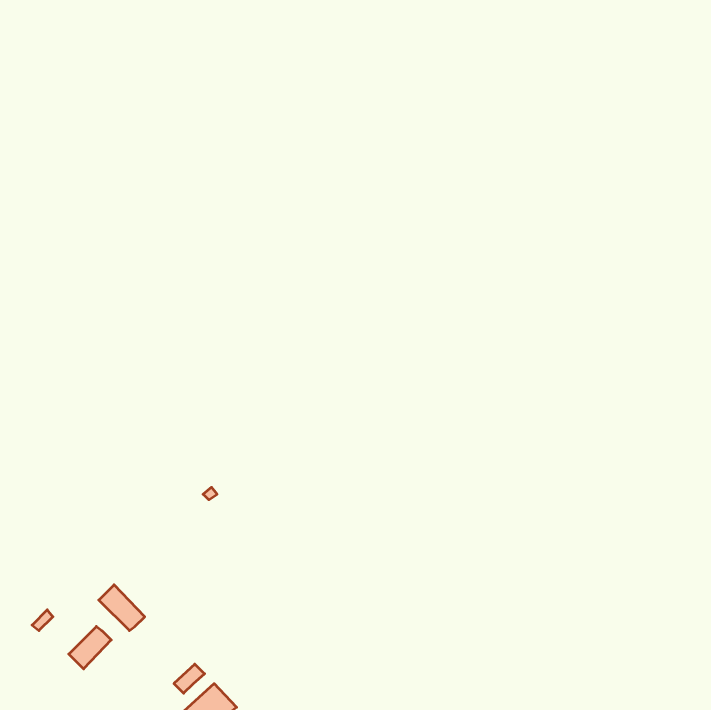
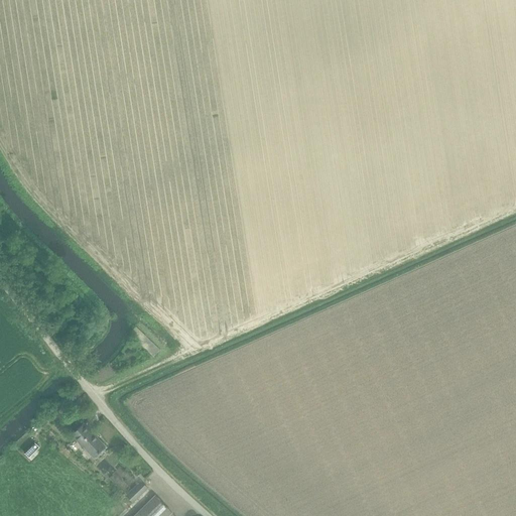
building: [69,626,111,669] -> none

